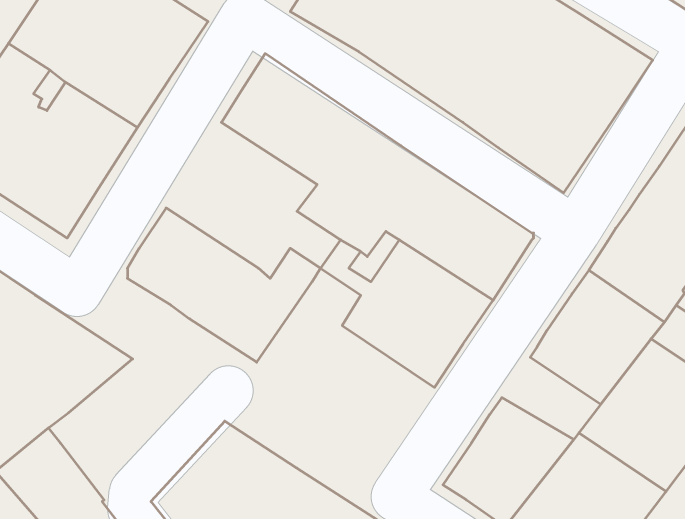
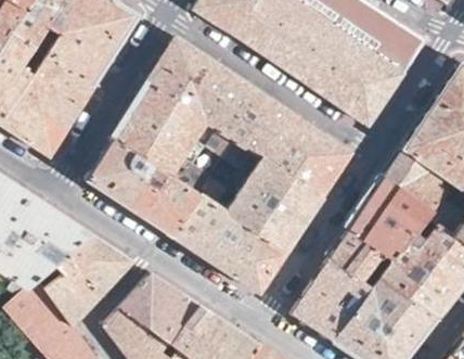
building: none -> [113,80,210,175]
building: none -> [171,183,286,292]
building: none -> [330,232,394,285]
building: none -> [44,233,133,324]

